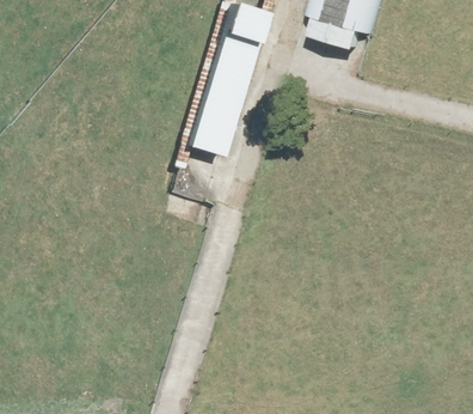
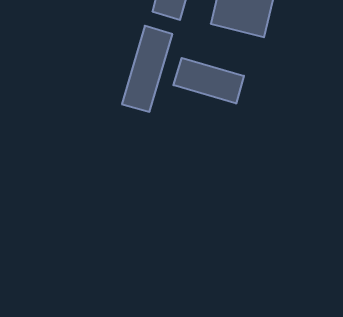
building: none -> [173,58,244,104]

